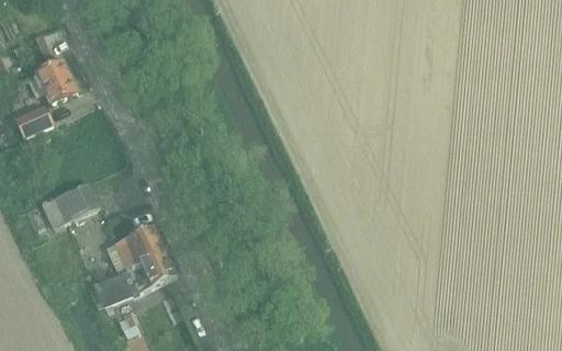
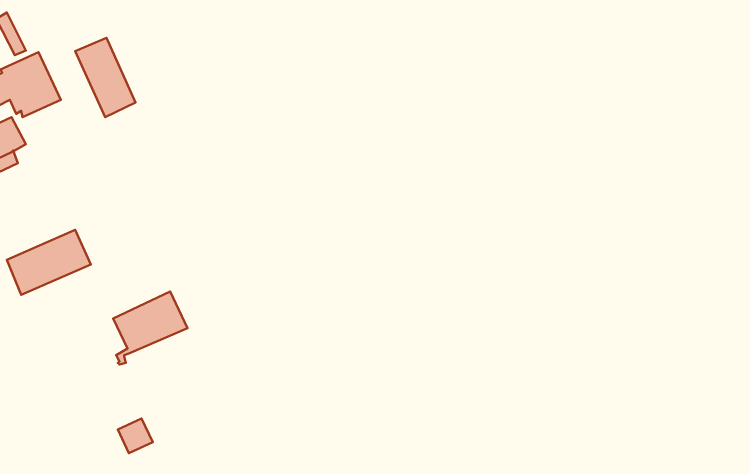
building: none -> [75,38,135,117]
building: [91,249,176,306] -> none

